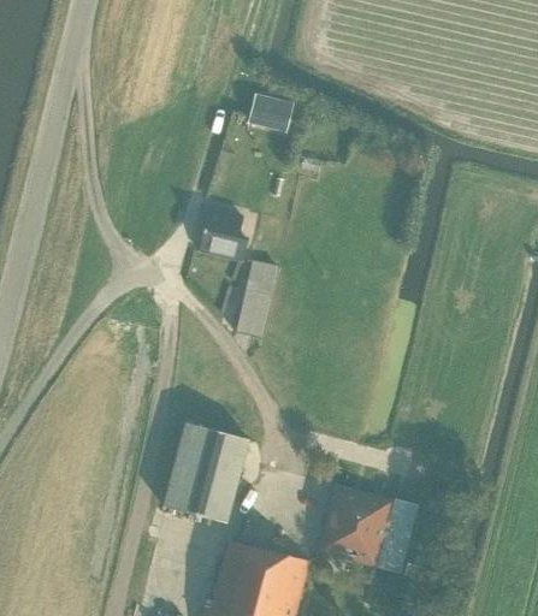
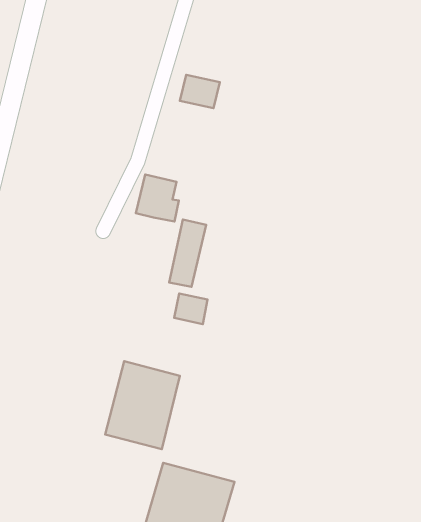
building: none -> [174,293,208,324]
building: [317,485,416,571] -> none

